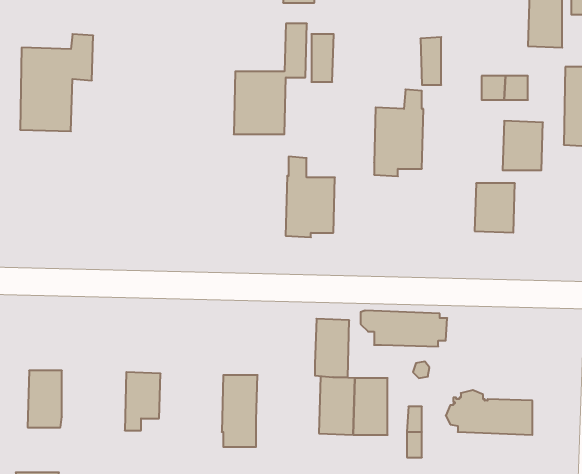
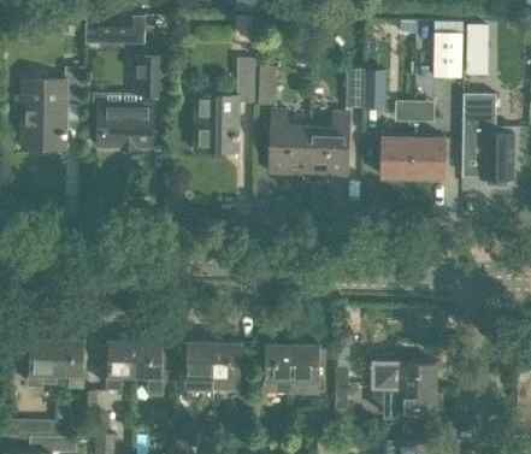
building: none -> [92,59,169,147]
building: none -> [362,70,383,108]
building: [286,157,335,237] -> [270,110,309,175]
building: [475,183,515,233] -> [380,137,413,177]
building: [361,311,447,346] -> [372,388,442,417]
building: [315,319,349,377] -> [213,342,241,389]
building: none -> [57,338,84,385]
building: none -> [135,341,163,388]

